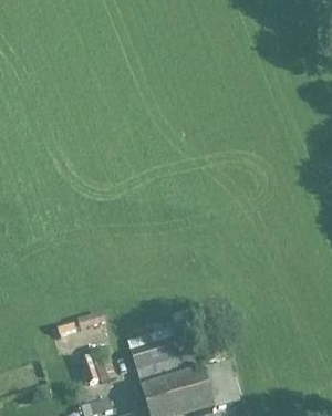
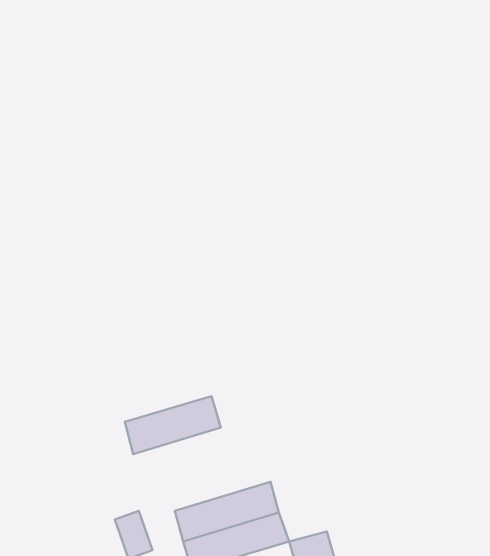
building: none -> [125,396,221,454]

